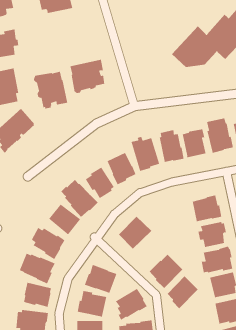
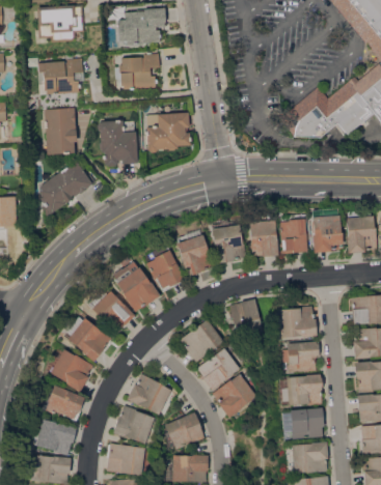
building: none -> [119,53,160,89]
building: none -> [229,299,262,334]
building: [167,275,198,309] -> [198,347,240,390]

